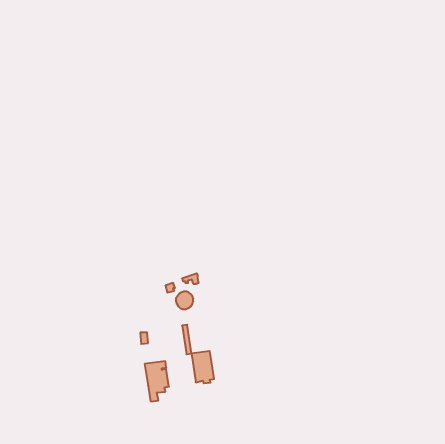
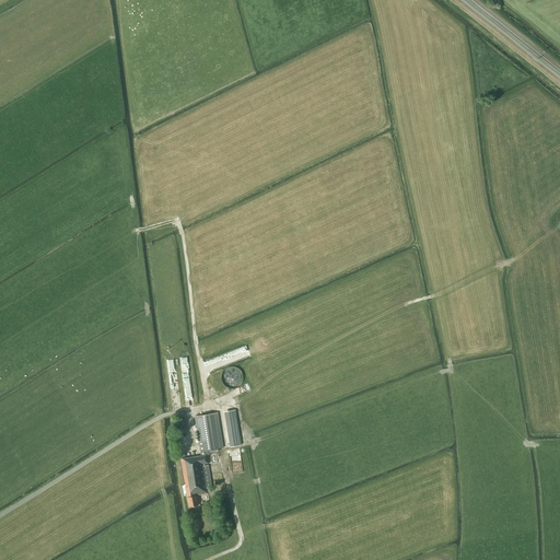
building: [191,351,214,383] -> [195,411,223,452]

